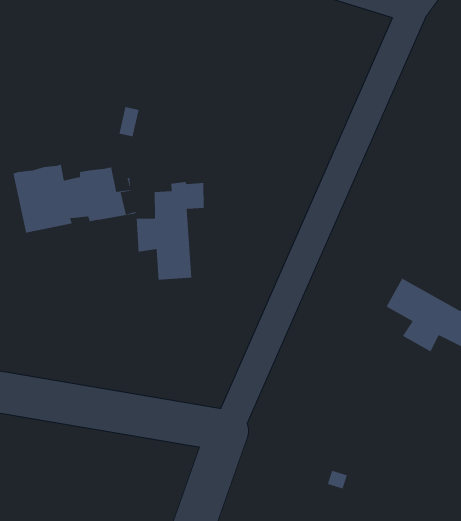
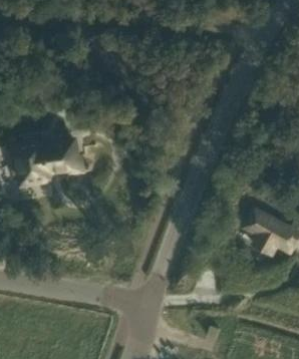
building: [136,181,205,280] -> none

